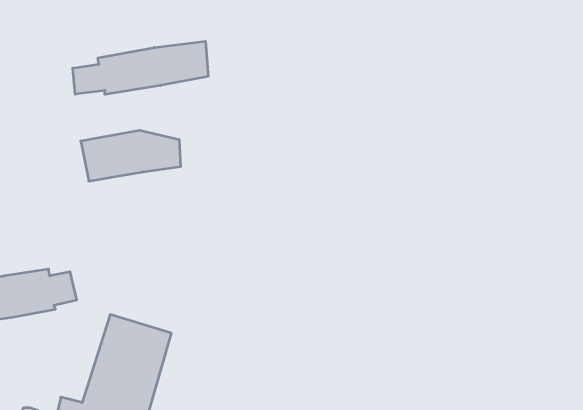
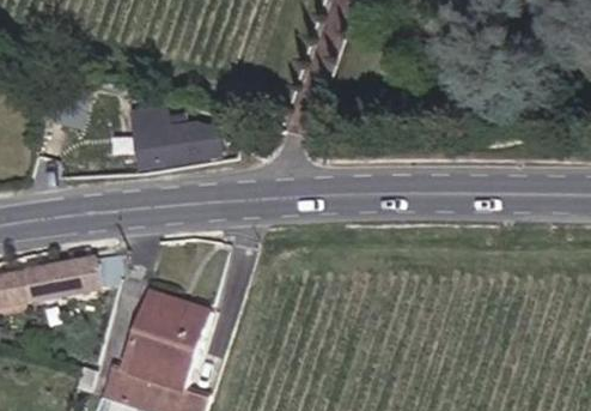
building: [73,41,208,94] -> none

